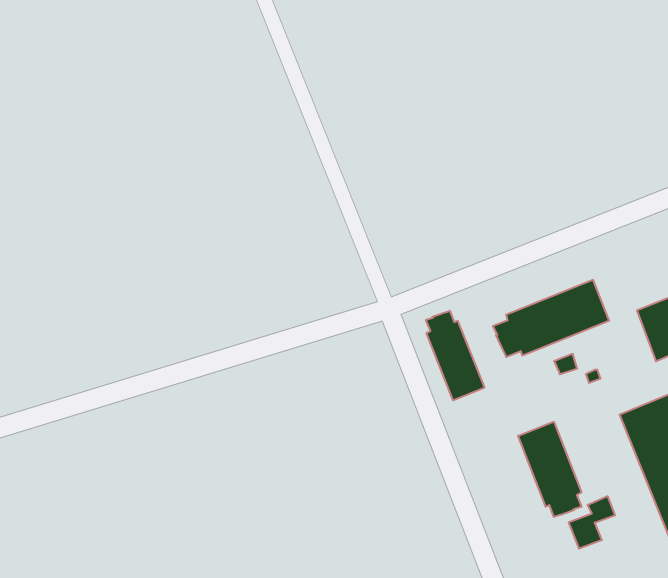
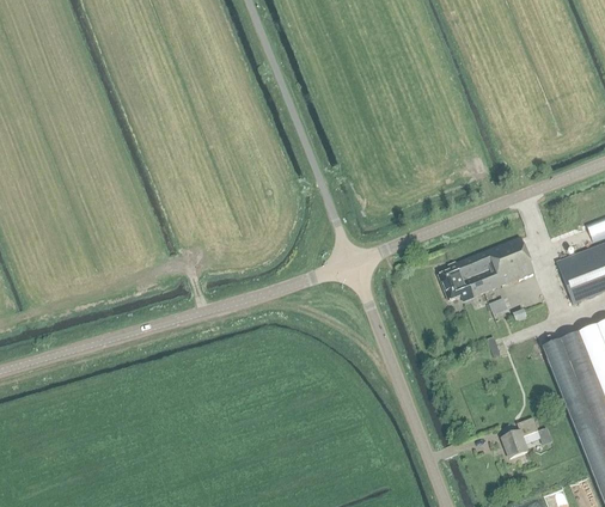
building: [426,311,484,400] -> none
building: [518,422,581,517] -> none

